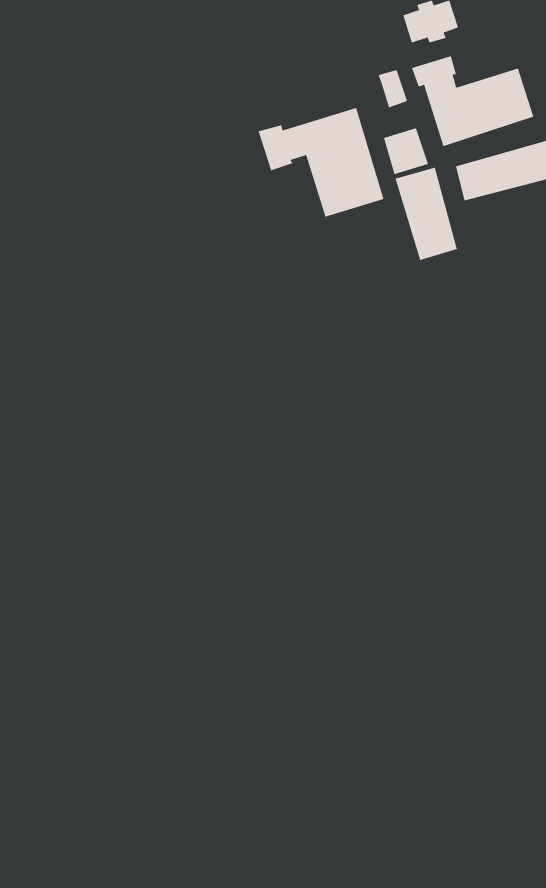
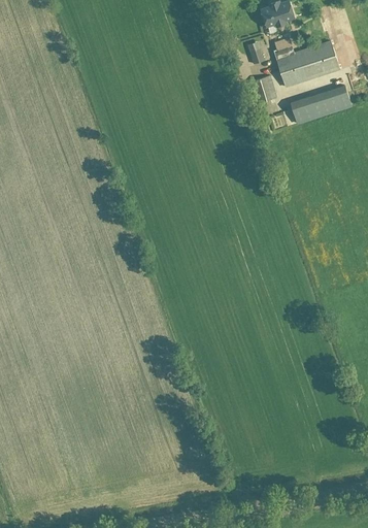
building: [258,107,384,218] -> none
building: [395,167,458,261] -> none

